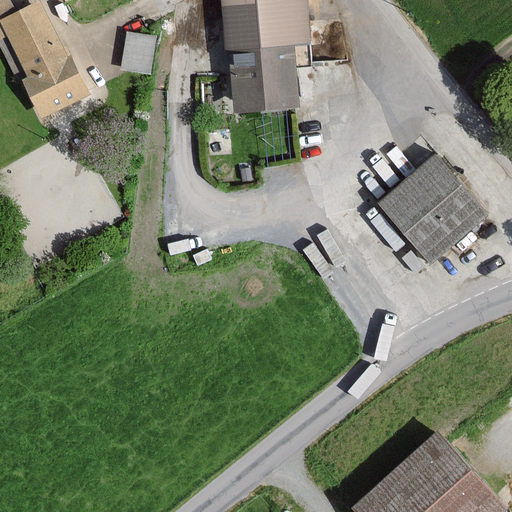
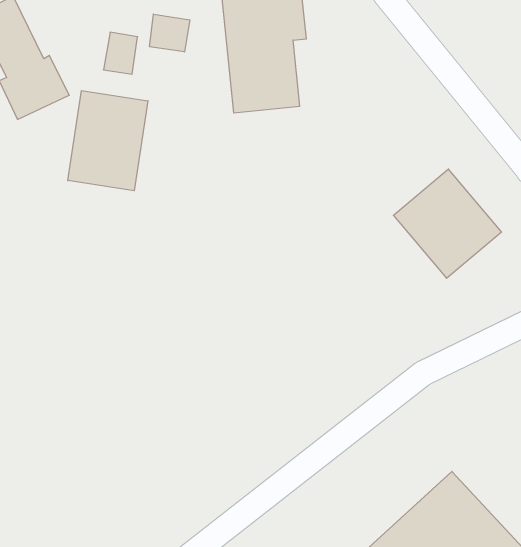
building: none -> [150,14,190,52]
building: none -> [68,91,148,191]

